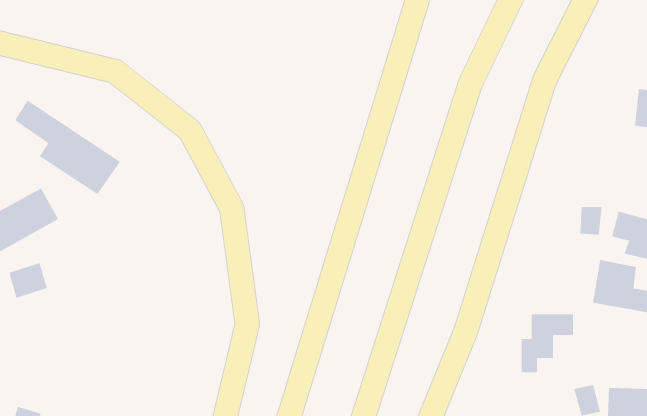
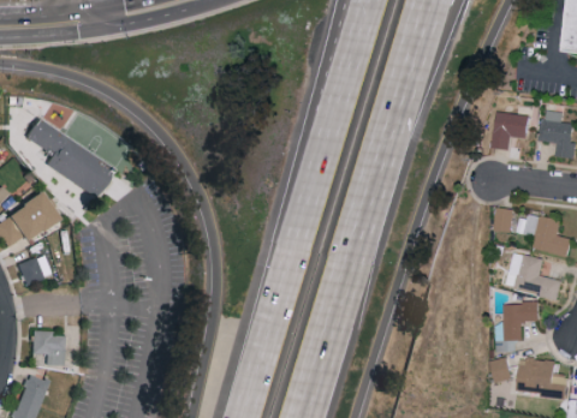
building: none -> [494,112,530,149]
building: [521,314,574,373] -> [495,303,540,352]
building: none -> [31,330,64,365]

